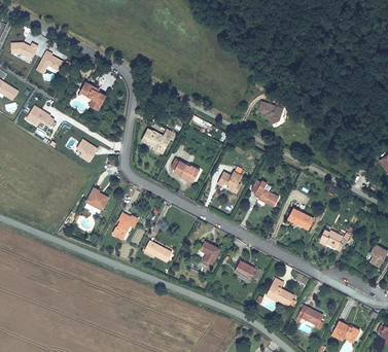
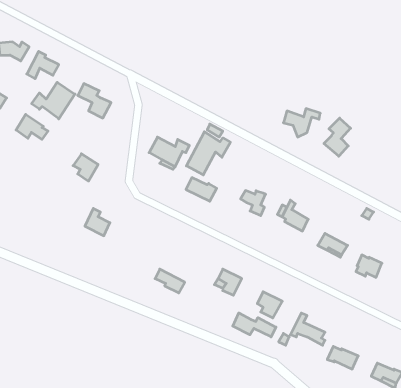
building: none -> [32,82,75,119]
building: none -> [324,118,351,156]
building: none -> [186,132,230,175]
building: [112,210,140,238] -> none
building: none -> [233,313,276,337]

